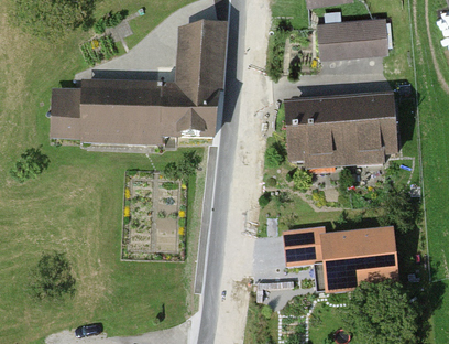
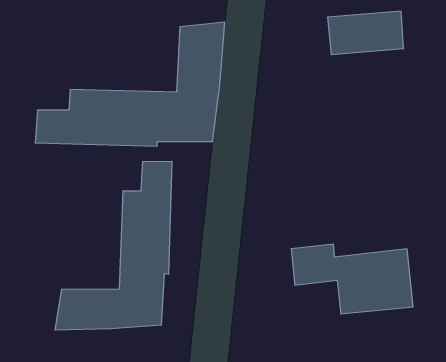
building: [285,100,398,163] -> none
building: none -> [55,161,172,330]

